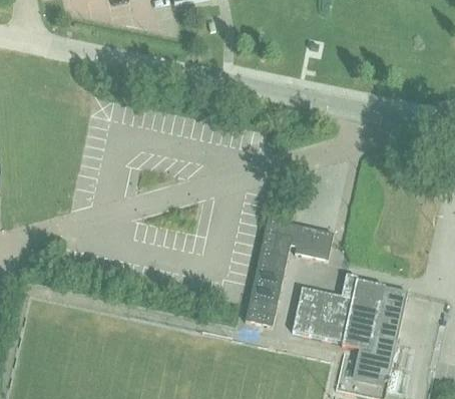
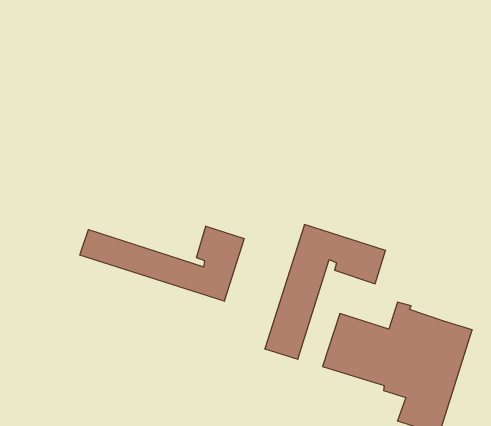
building: none -> [80,226,244,301]

